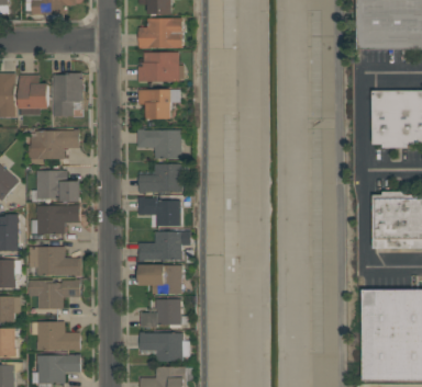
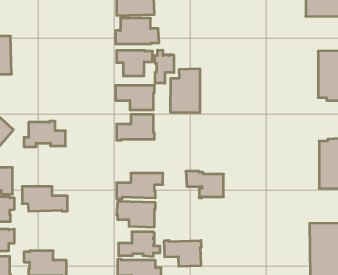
building: [53,72,82,116] -> none
building: [19,75,48,115] -> none
building: none -> [155,50,174,83]
building: none -> [171,69,200,113]
building: [29,129,79,159] -> none
building: [137,196,181,227] -> [186,171,224,198]
building: [31,204,79,234] -> none
building: [29,278,80,308] -> none
building: none -> [164,240,201,266]

